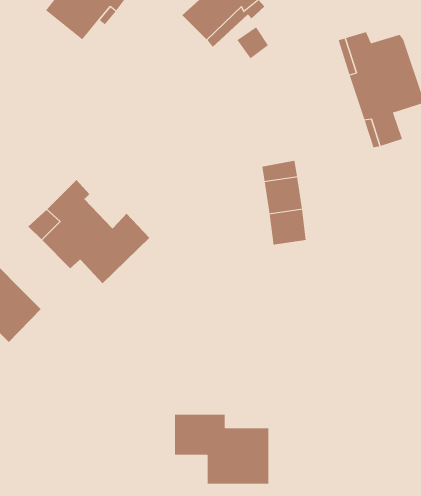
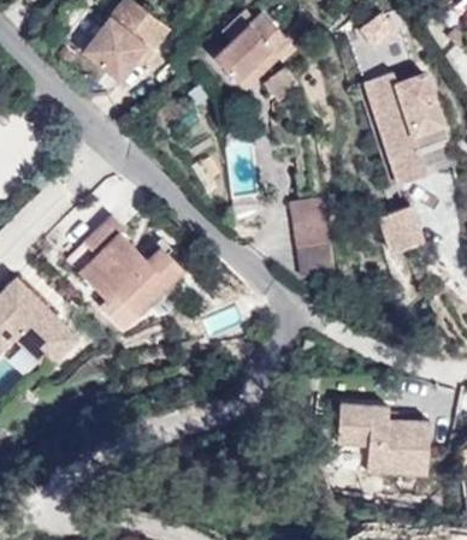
building: none -> [378,207,421,254]
building: [174,414,269,484] -> [337,409,428,476]

